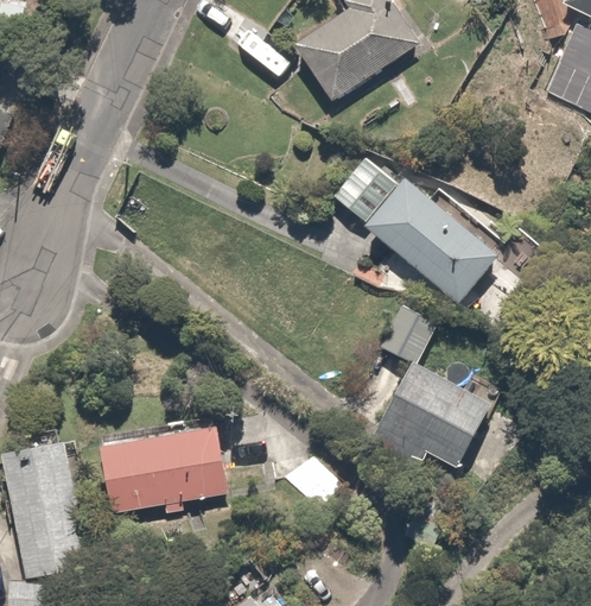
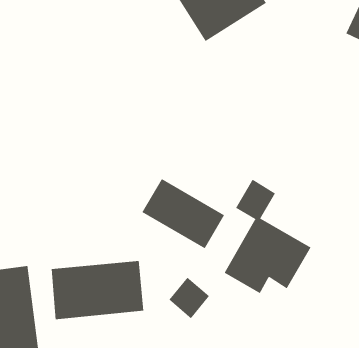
building: [328,153,514,327] -> none
building: none -> [142,178,225,249]

